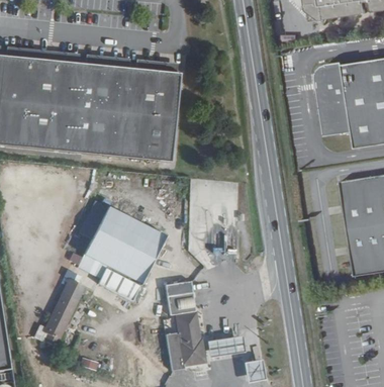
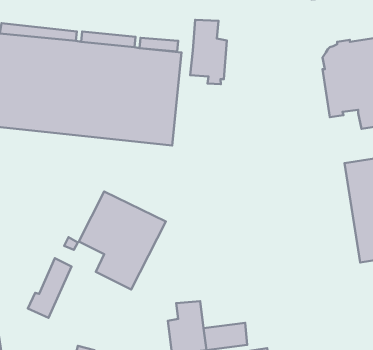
building: none -> [190,20,227,84]
building: [163,282,193,314] -> none

